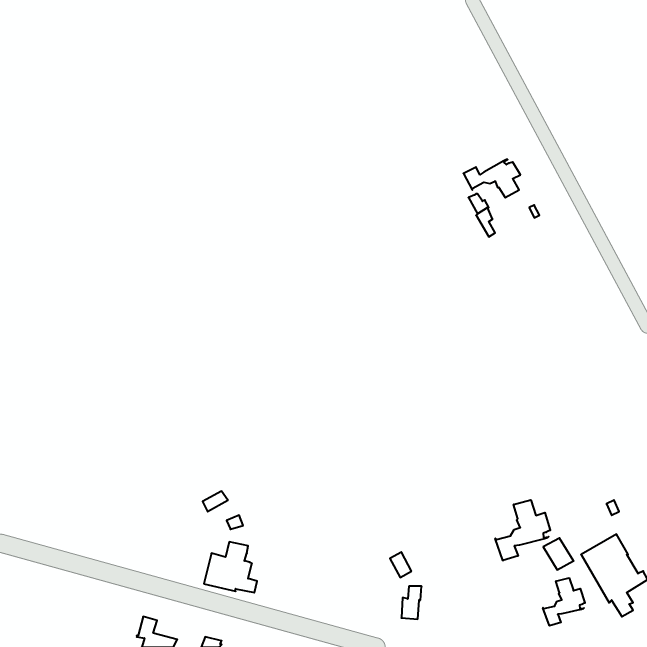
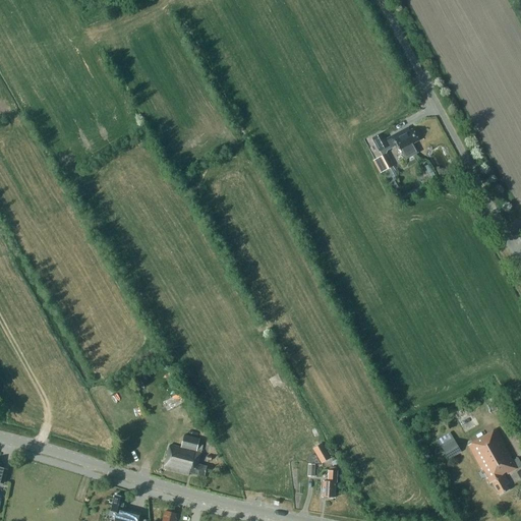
building: [495,500,550,561] -> none
building: [543,578,585,626] -> none

